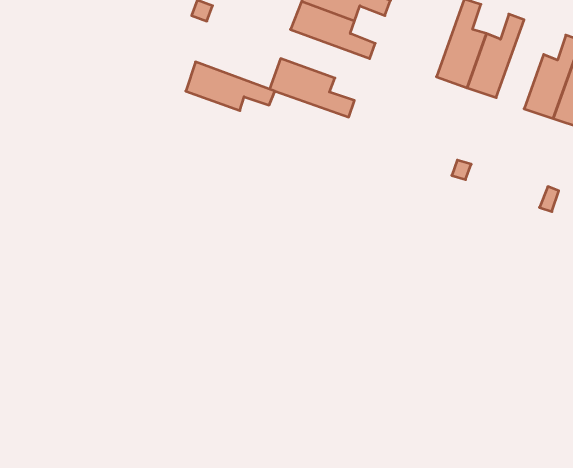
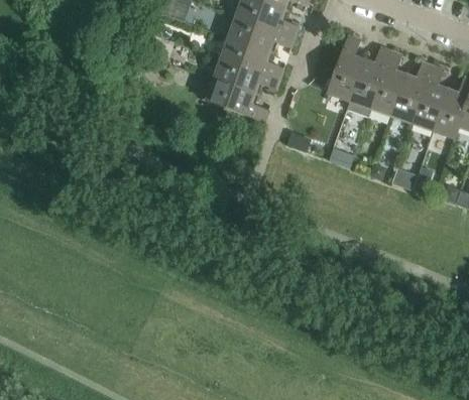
building: none -> [371,50,405,115]
building: [186,62,275,111] -> [215,57,279,93]

